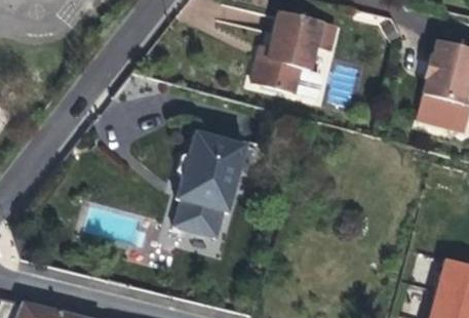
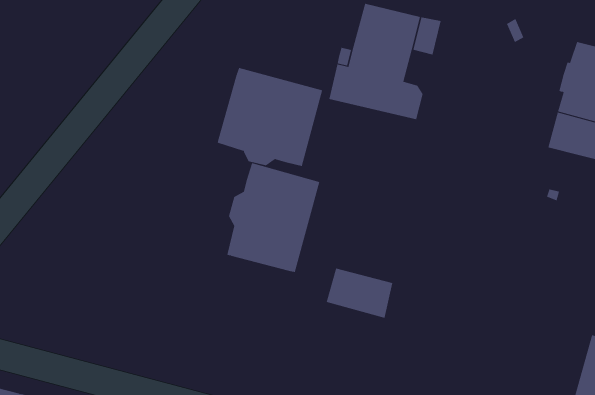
building: none -> [217,67,323,167]
building: [172,200,223,238] -> [326,268,393,319]

